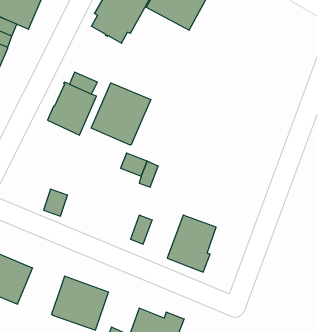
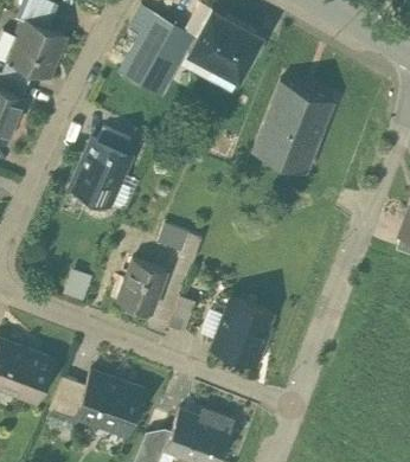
building: none -> [252,82,333,173]
building: [91,83,151,145] -> none
building: none -> [117,261,166,314]
building: none -> [49,378,85,421]

